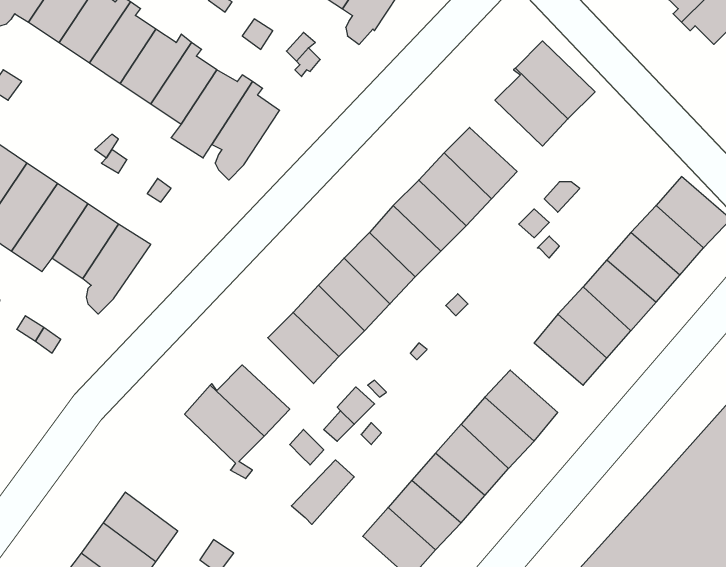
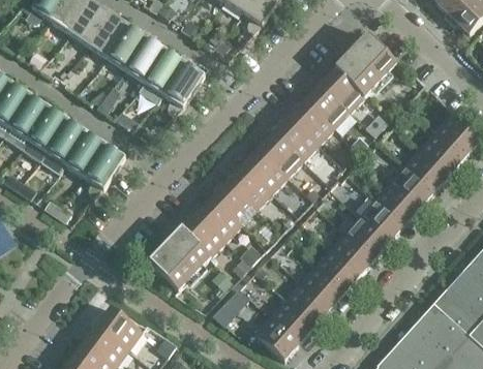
building: none -> [321,69,365,113]
building: none -> [182,214,225,257]
building: none -> [345,217,390,259]

